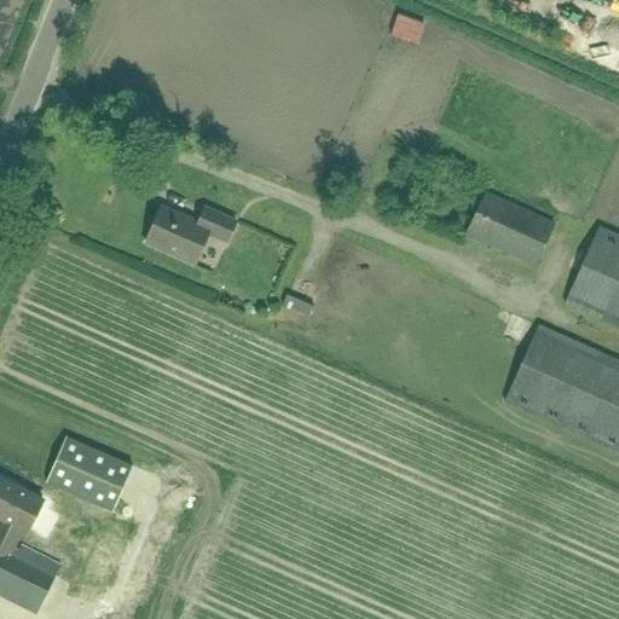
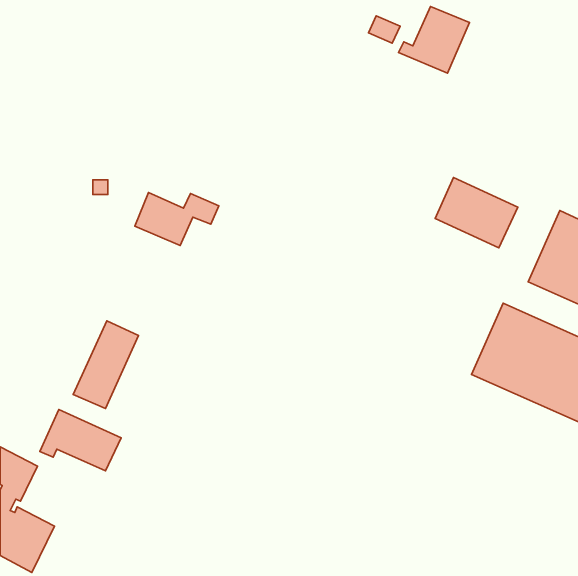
building: none -> [399,6,470,73]
building: none -> [73,321,138,408]

